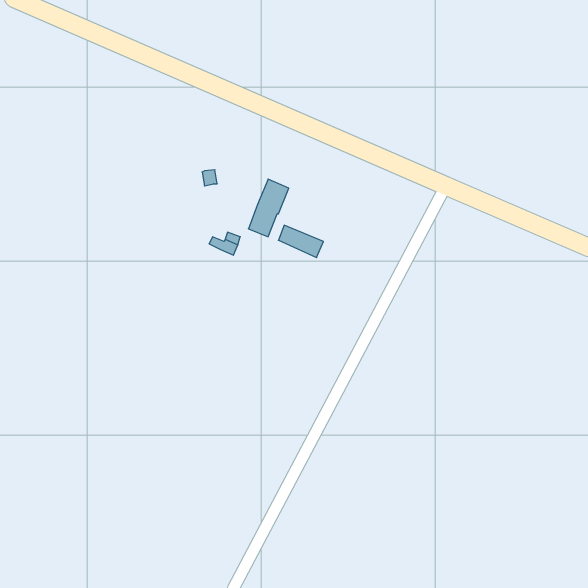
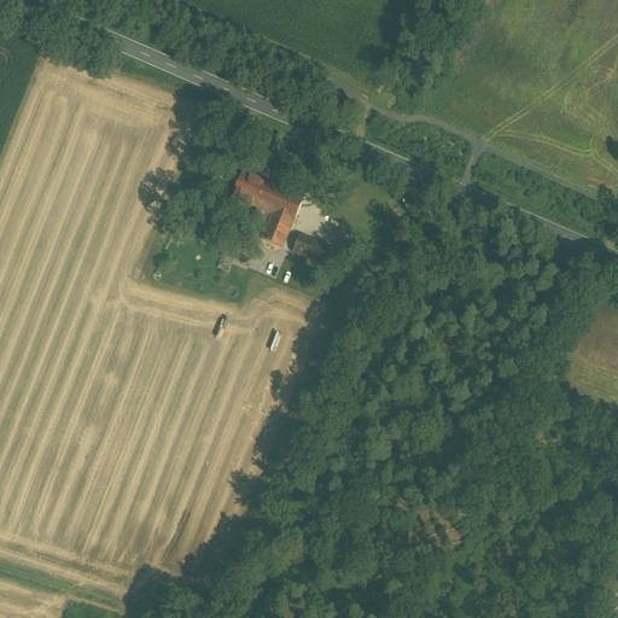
building: none -> [229,170,280,214]

